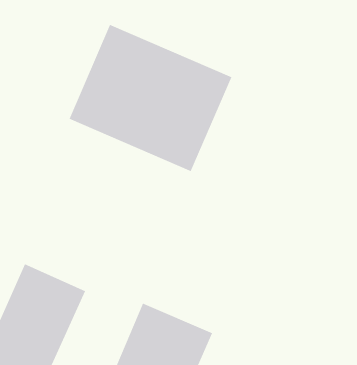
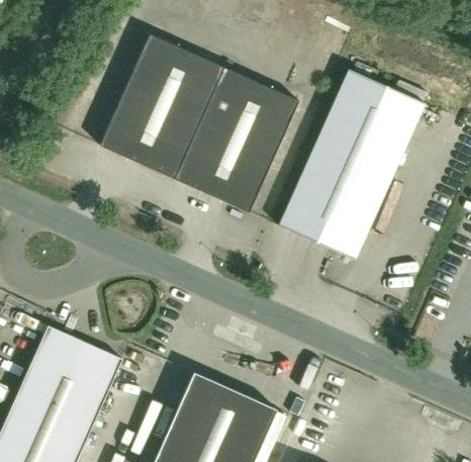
building: none -> [280,72,425,259]

